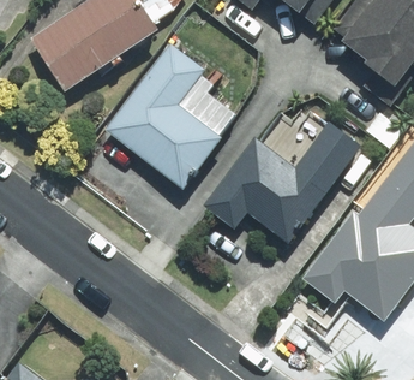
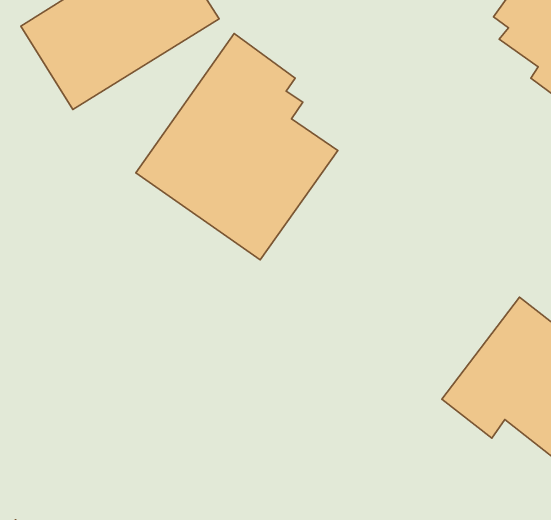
building: [203,118,364,242] -> none

